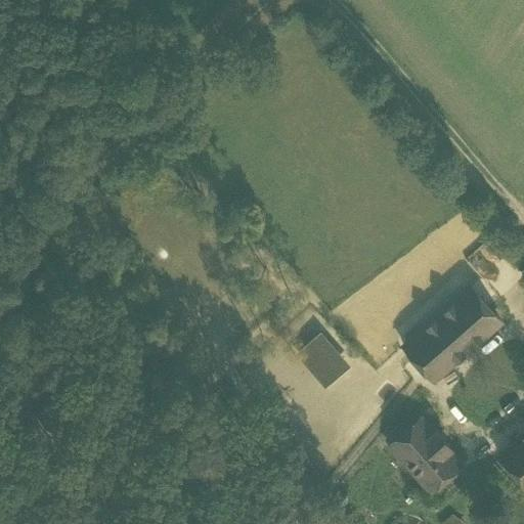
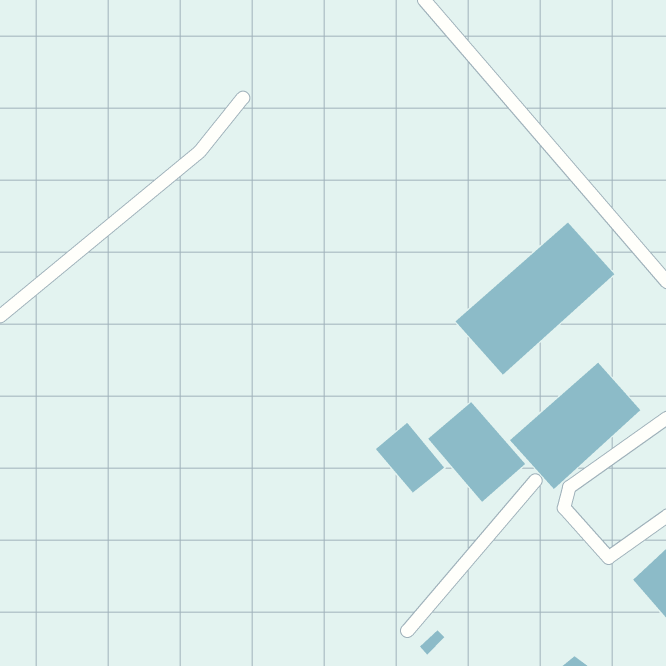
building: none -> [455,221,615,375]
building: [386,416,464,495] -> [427,401,526,503]

